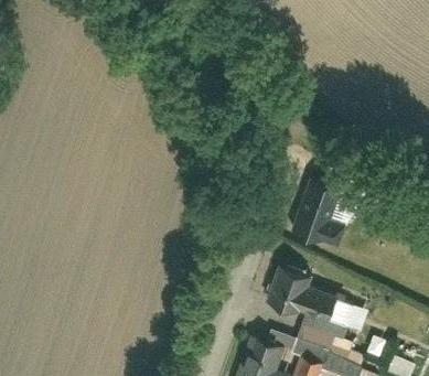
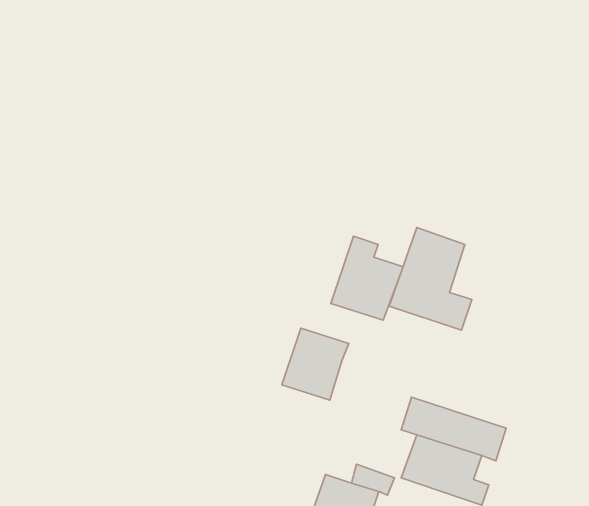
building: none -> [331,236,403,320]
building: [267,266,310,312] -> [282,328,349,400]

